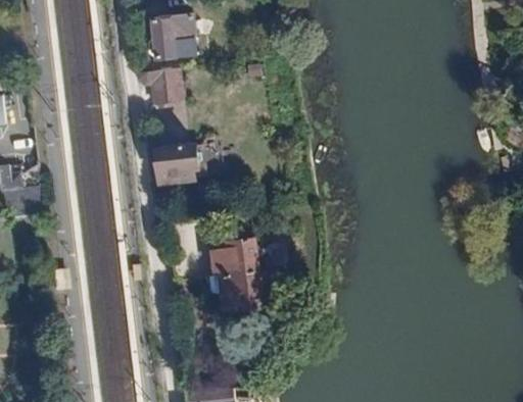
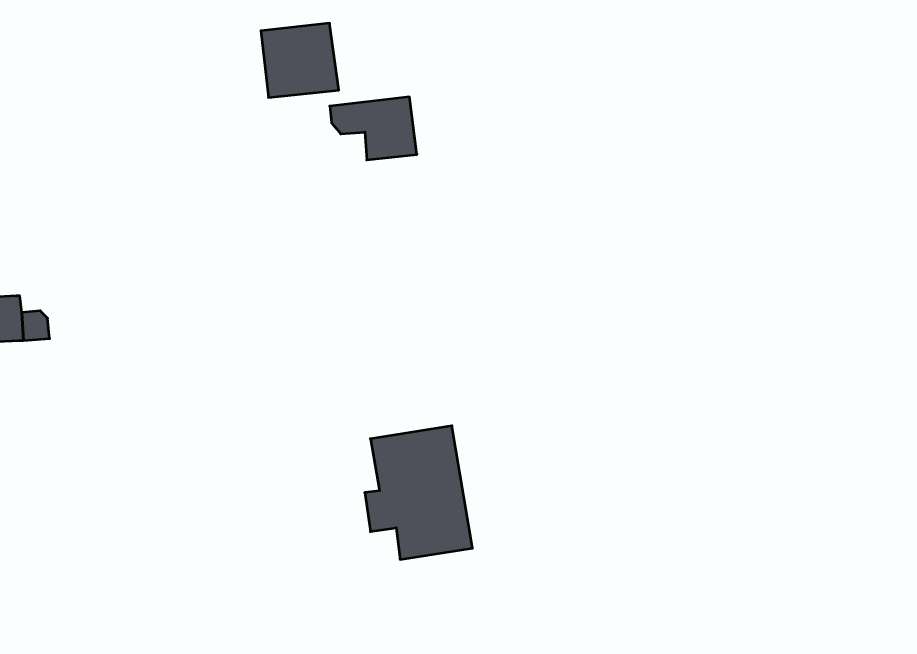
building: [134,68,182,103] -> [330,97,417,160]
building: [155,145,199,185] -> none

